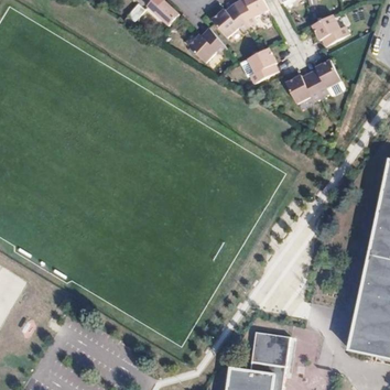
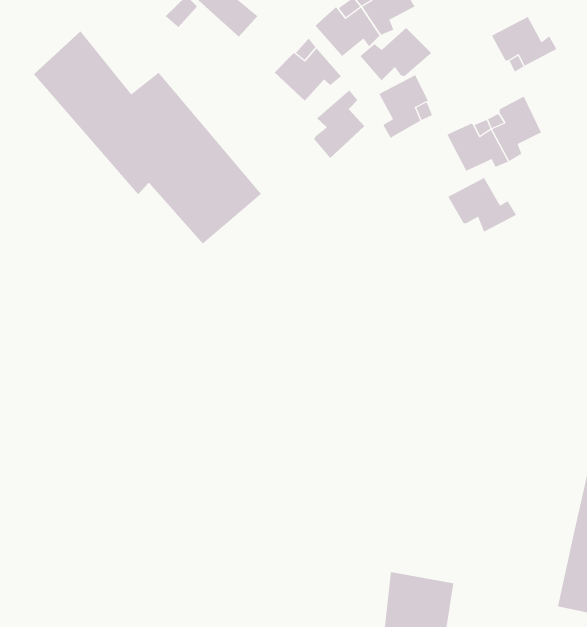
building: none -> [359,27,432,81]
building: none -> [33,31,262,245]
building: none -> [314,89,365,159]
building: none -> [447,177,517,232]

